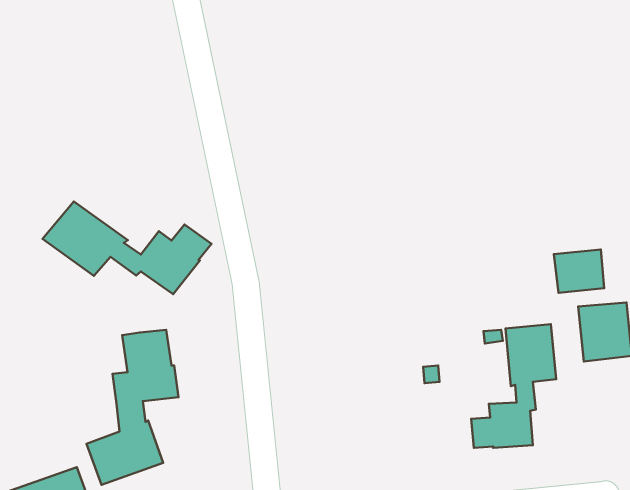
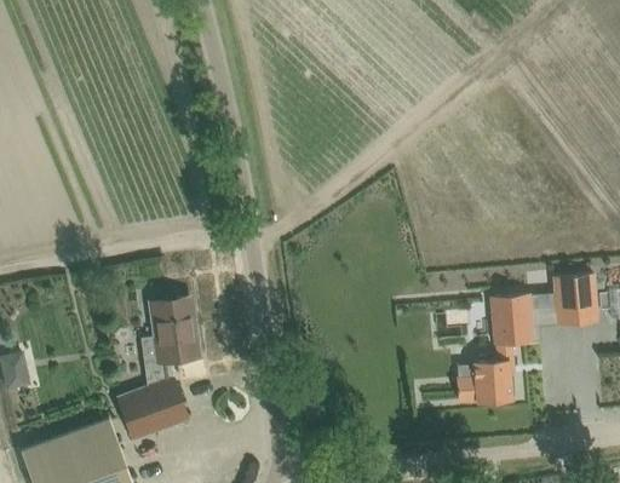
building: [43,201,211,294] -> none
building: [554,250,604,293] -> none

